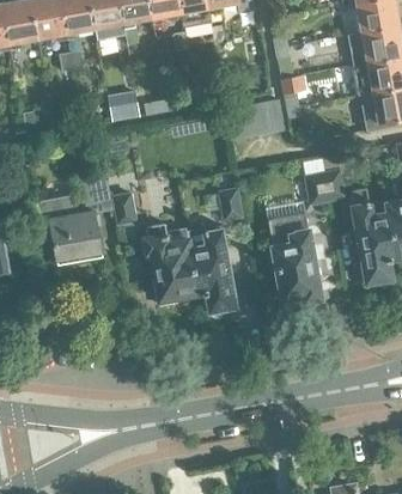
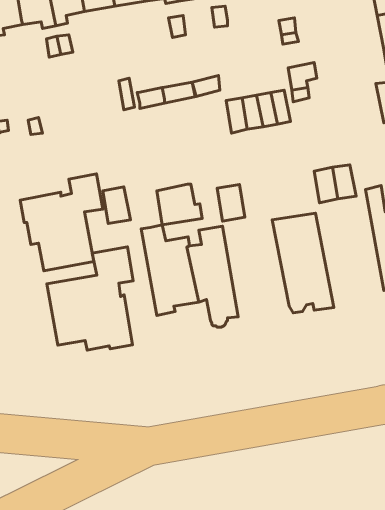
building: none -> [157,184,202,225]
building: none -> [47,247,133,350]

